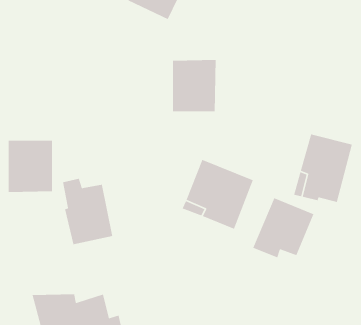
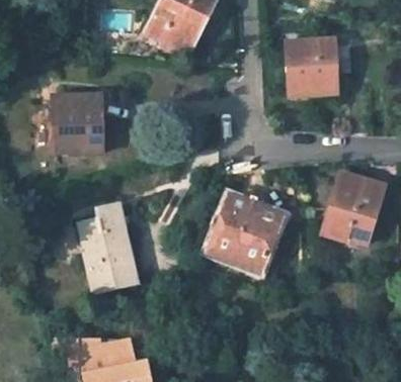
building: [172,59,217,112] -> [292,38,338,94]
building: [8,140,53,193] -> [54,94,101,150]
building: [252,197,314,258] -> none

